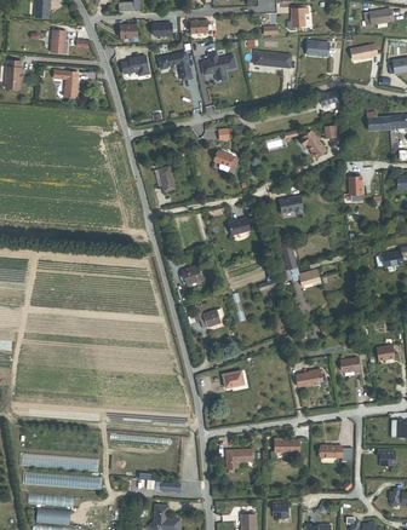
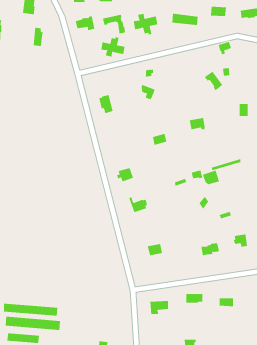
building: none -> [101,36,125,57]

